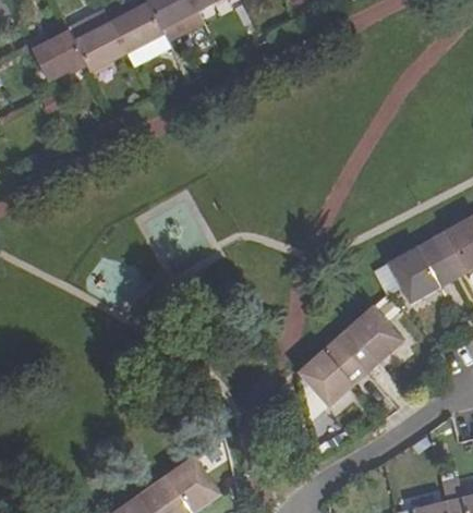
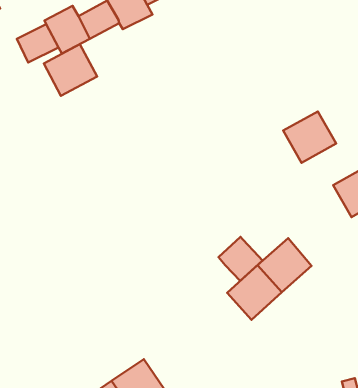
building: none -> [44,44,97,96]
building: [387,237,453,302] -> [283,111,336,163]
building: none -> [218,237,262,281]

